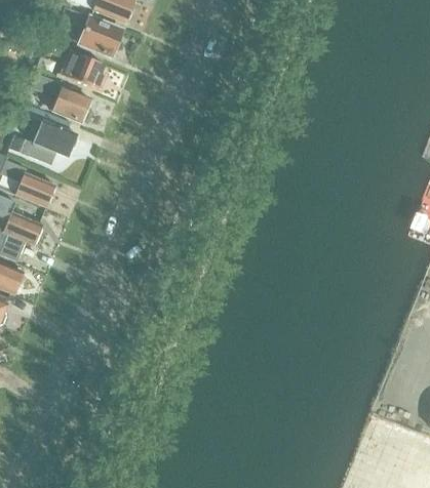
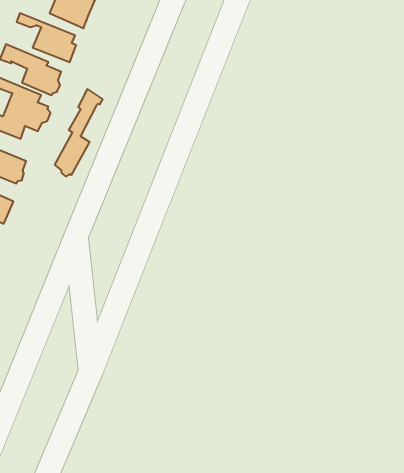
building: none -> [55,89,103,176]

